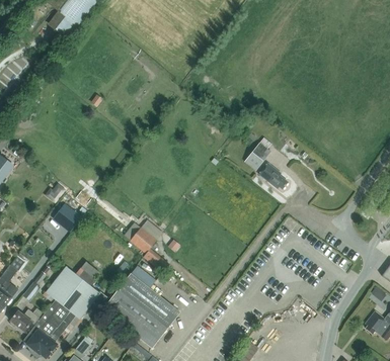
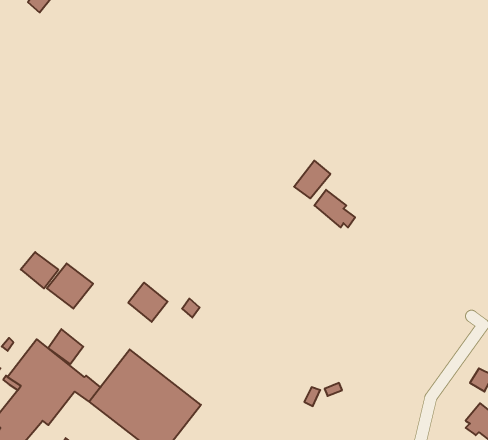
building: none -> [47,263,93,309]

